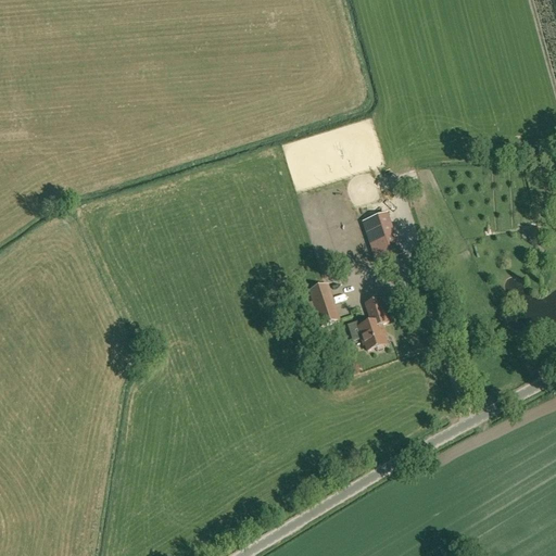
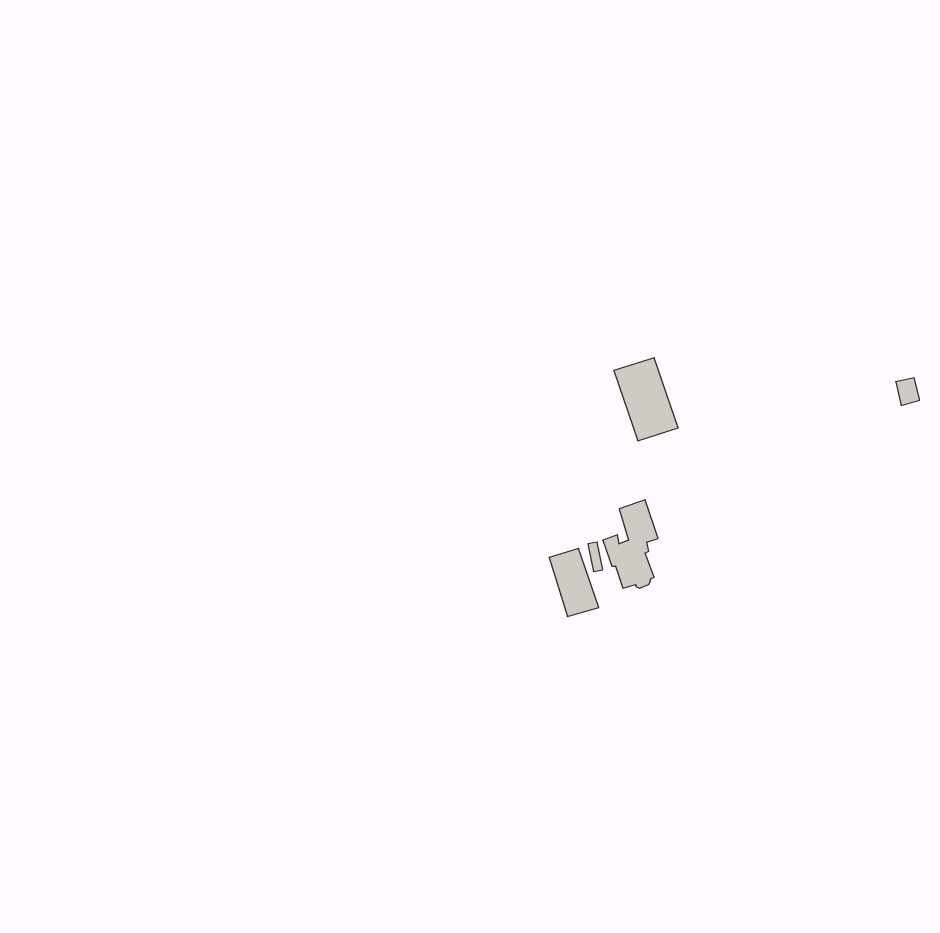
building: [309,281,339,321] -> [549,548,599,617]

